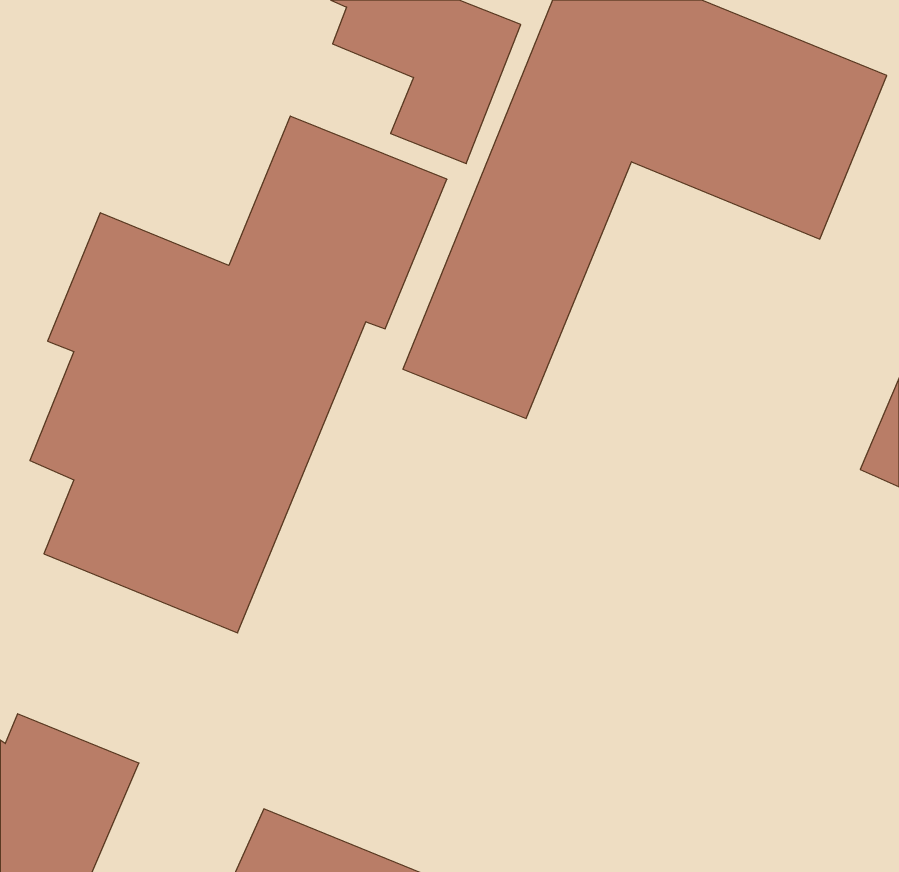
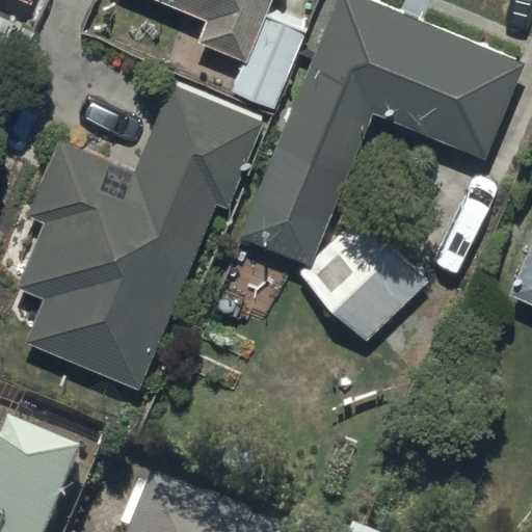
building: none -> [300,216,428,344]

